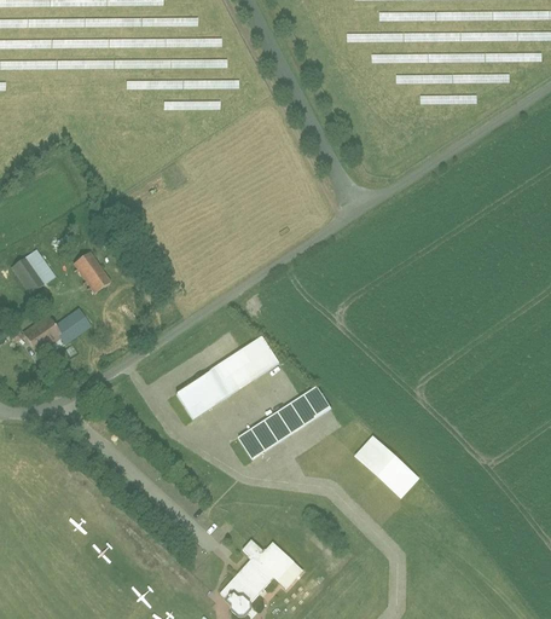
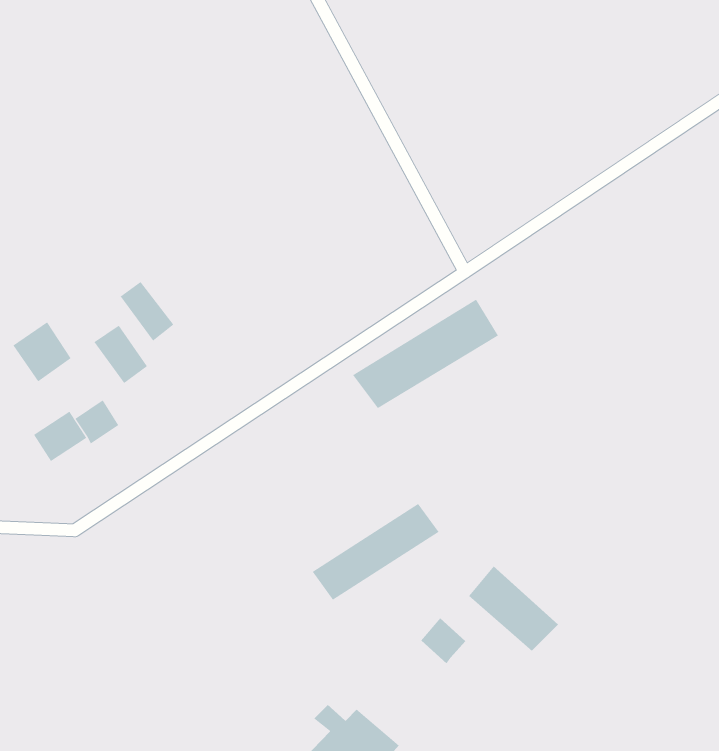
building: none -> [120,281,174,342]
building: [170,335,282,418] -> [352,299,499,409]
building: none -> [421,617,466,664]

